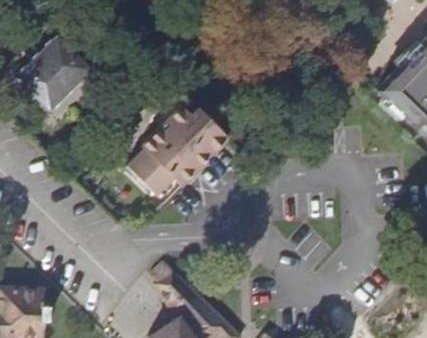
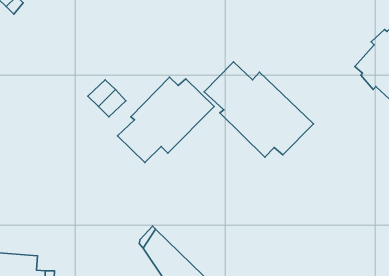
building: [16,35,92,110] -> none
building: none -> [204,62,314,157]

